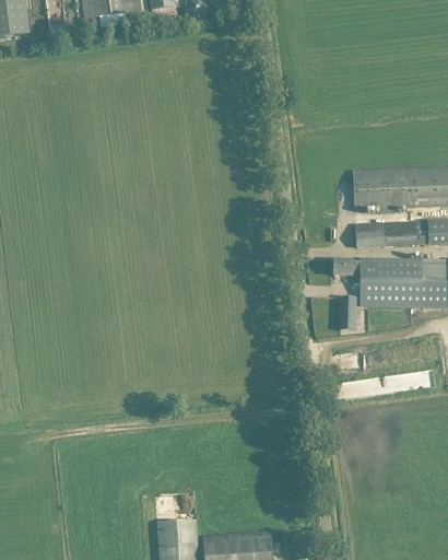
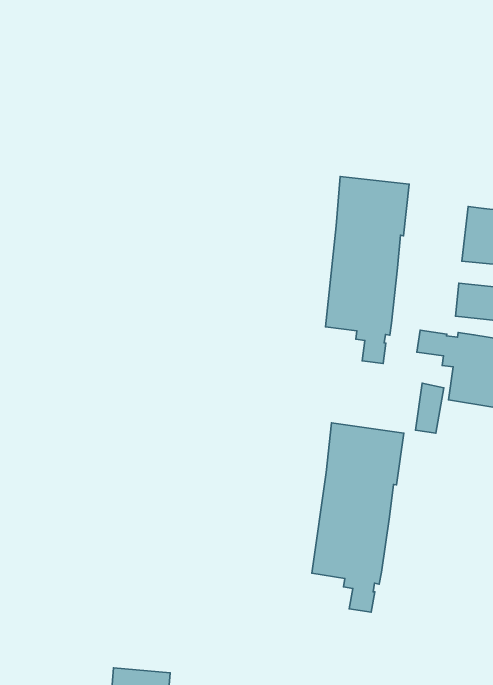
building: none -> [325,177,409,363]
building: none -> [312,423,404,612]

